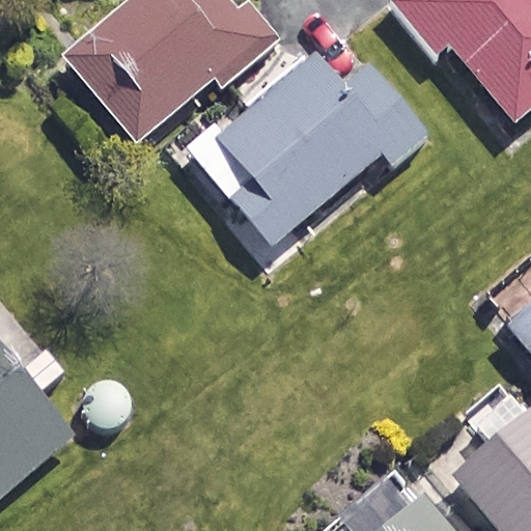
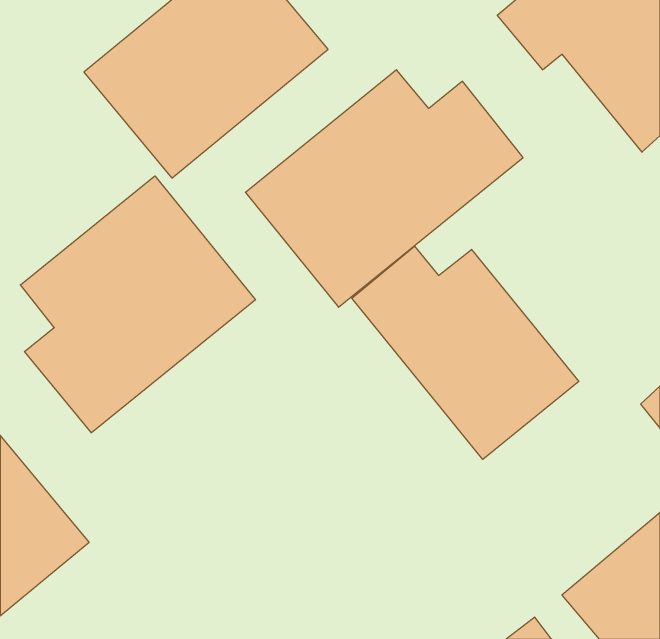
building: none -> [20,176,255,433]
building: none -> [352,246,579,459]

